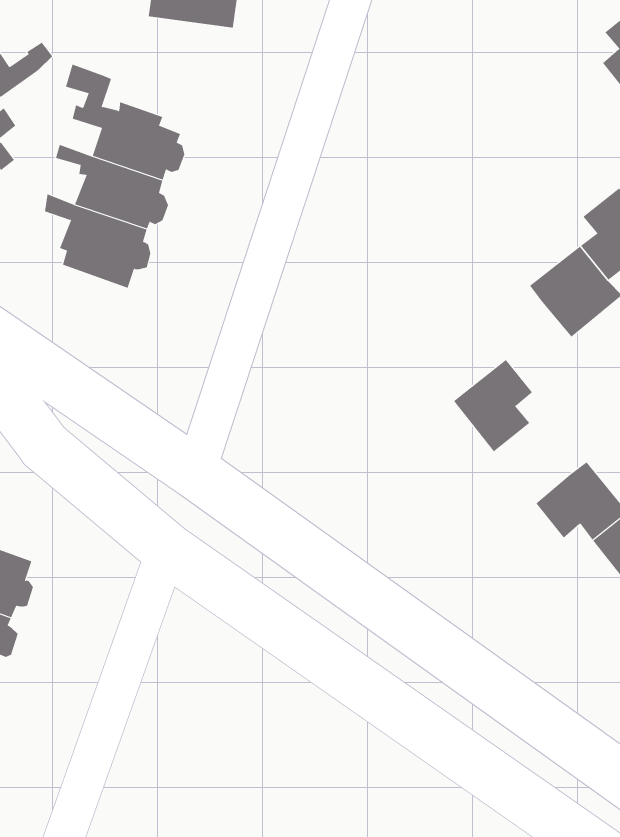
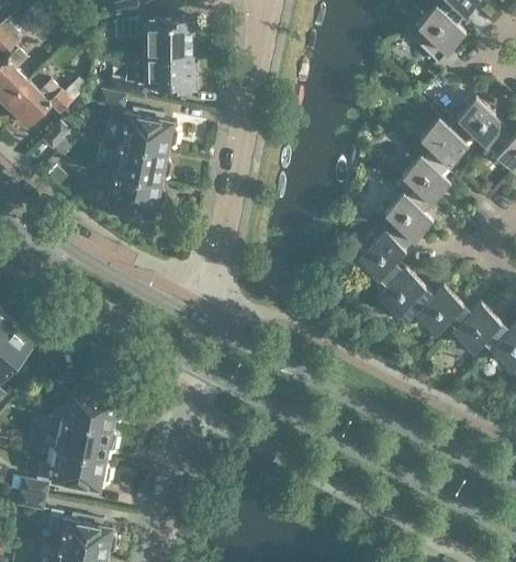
building: none -> [100,54,194,98]
building: none -> [375,193,431,248]
building: none -> [377,267,434,325]

